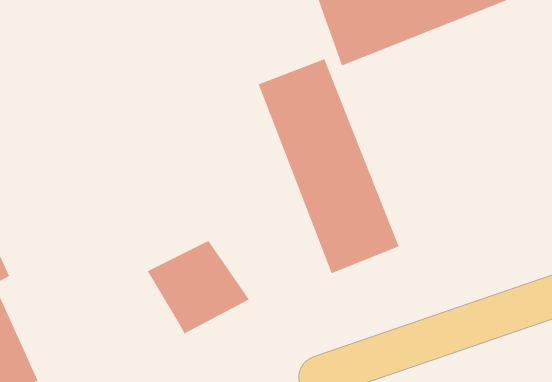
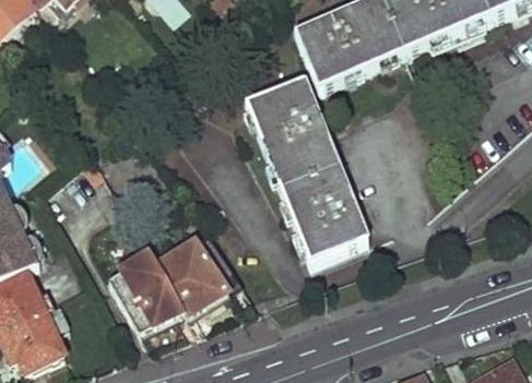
building: none -> [109,254,185,333]

